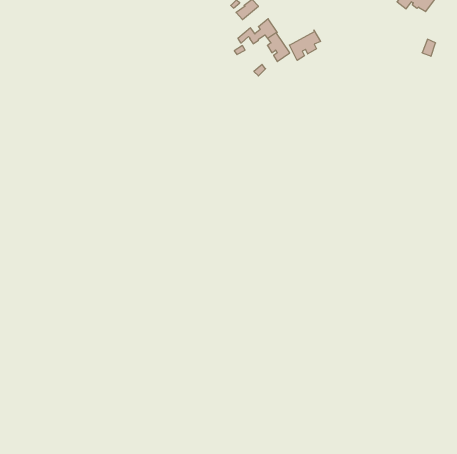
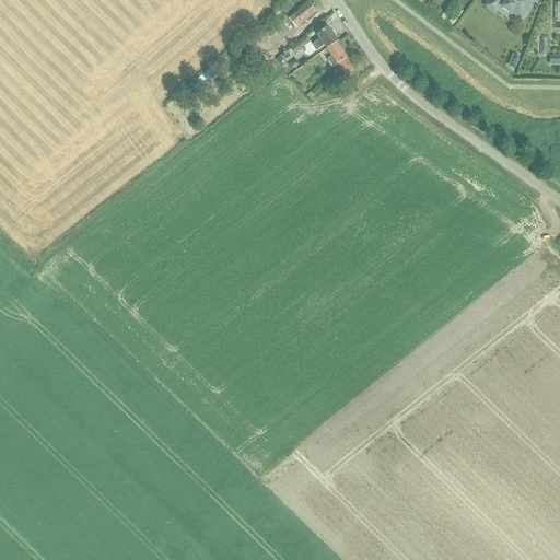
building: [289,30,321,60] -> none

